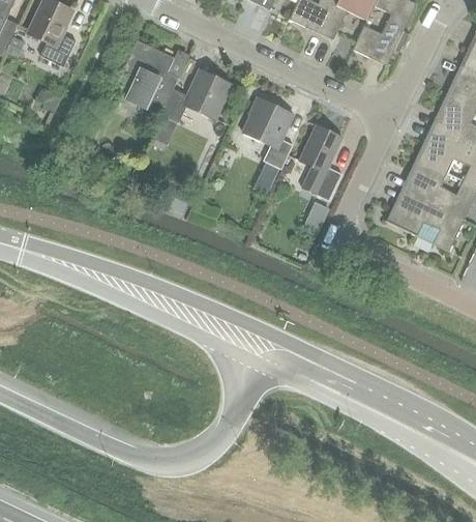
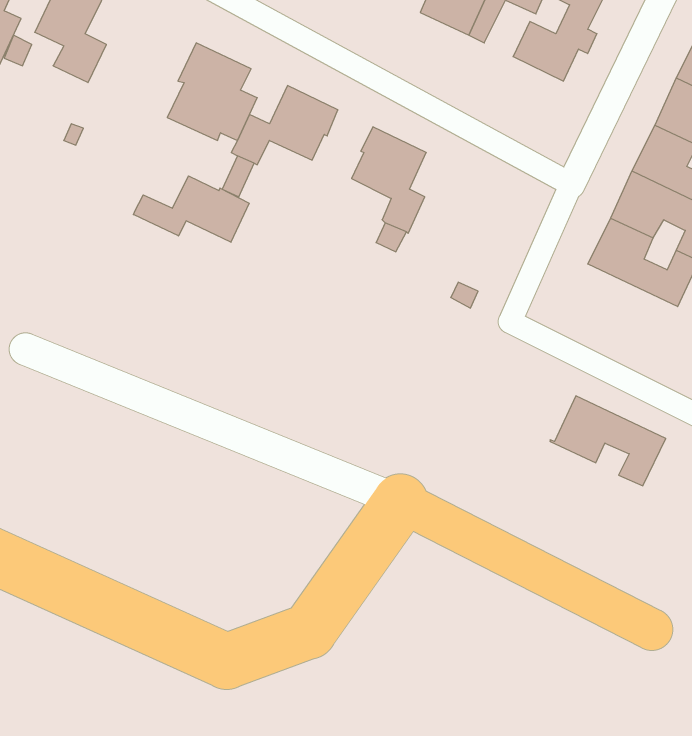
building: [298,124,341,200] -> none
building: none -> [133,176,249,242]
building: [385,190,464,251] -> [550,396,666,486]

